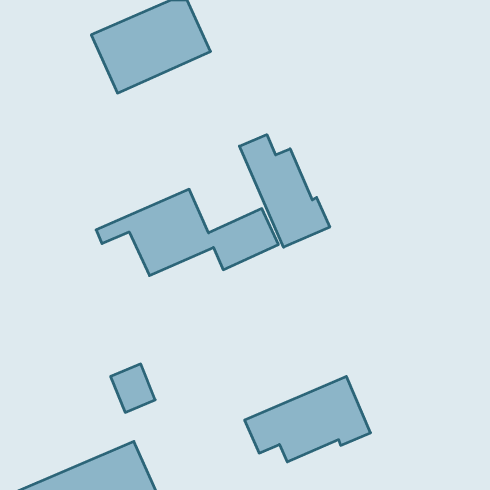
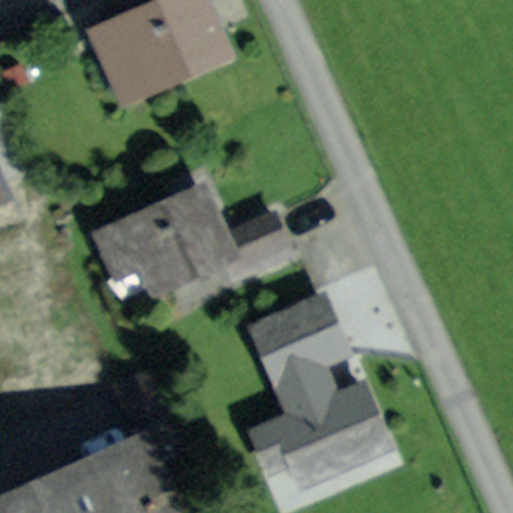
building: [239,135,330,247] -> none
building: none -> [252,306,341,387]

